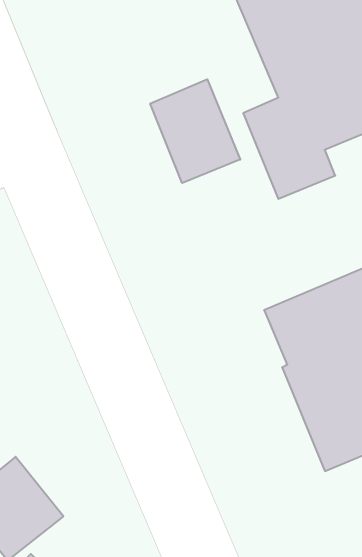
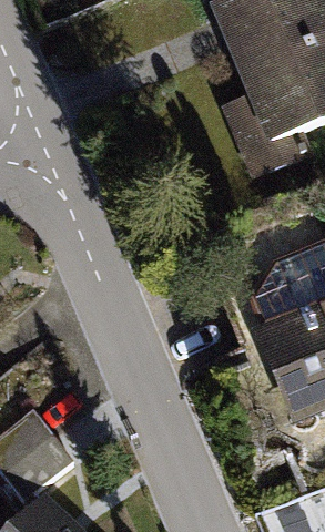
building: [150,79,240,183] -> none

